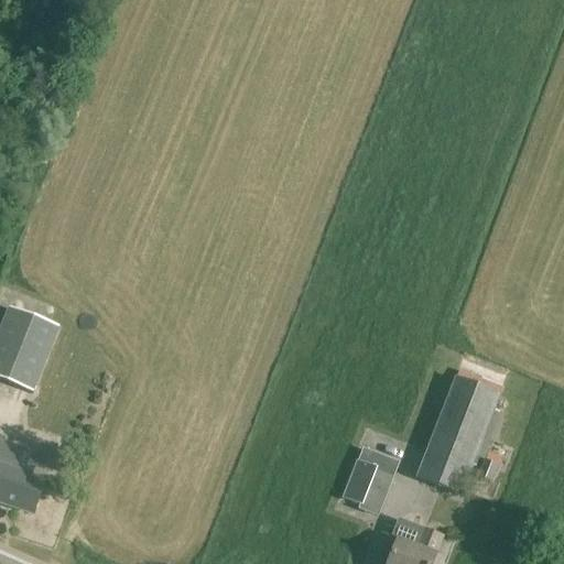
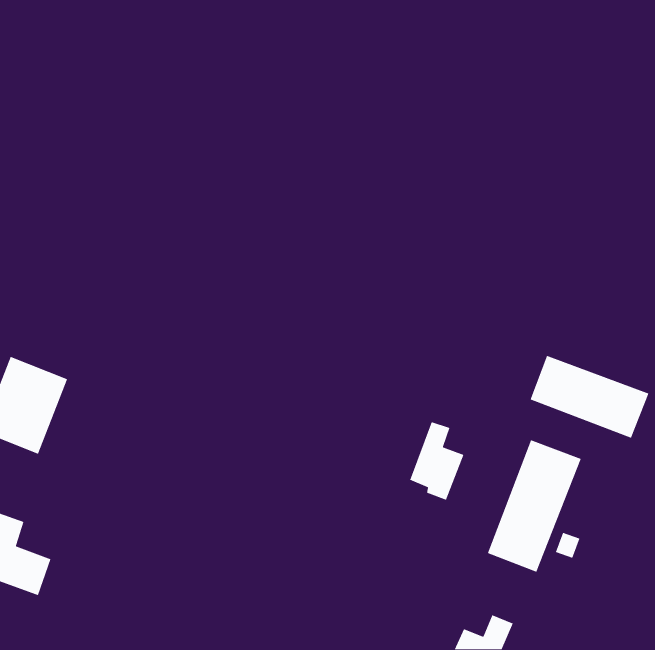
building: none -> [529,355,649,439]
building: [345,444,392,512] -> [409,421,465,501]

